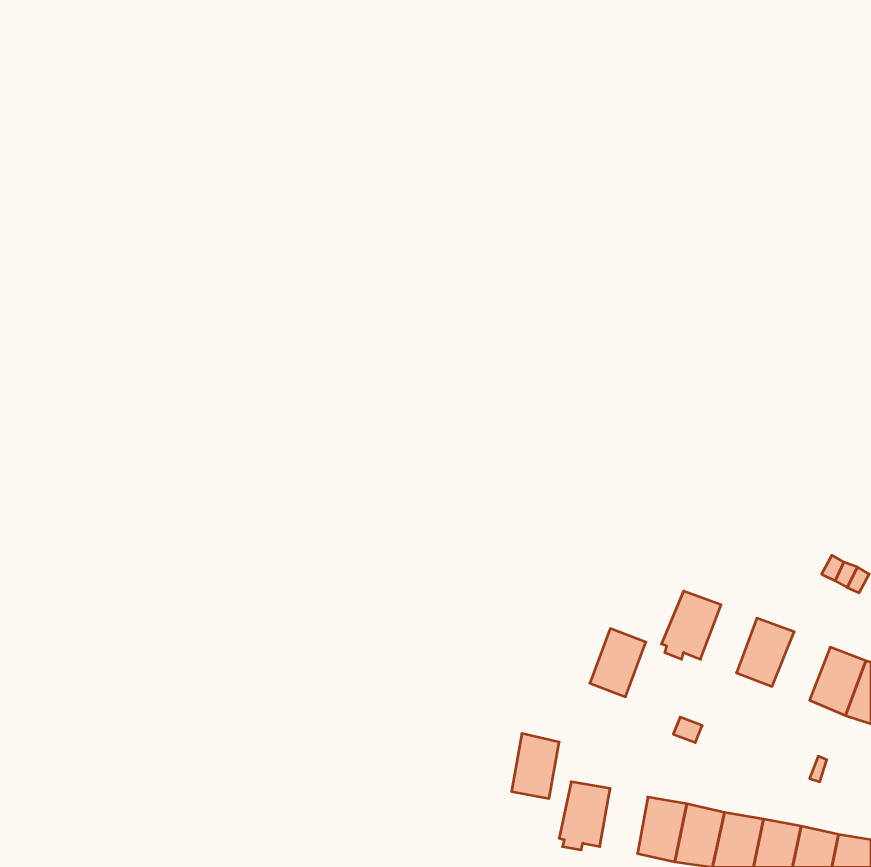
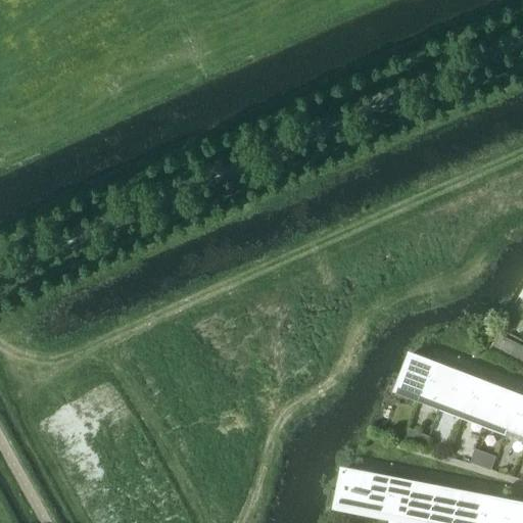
building: [590,629,646,697] -> [420,363,454,403]
building: none -> [463,379,497,420]
building: [512,734,559,798] -> [360,473,388,512]

